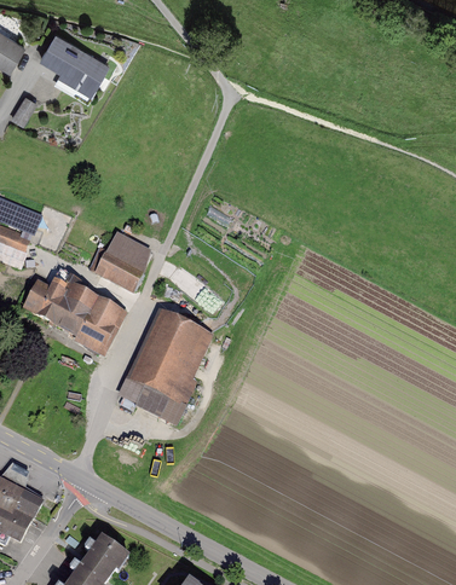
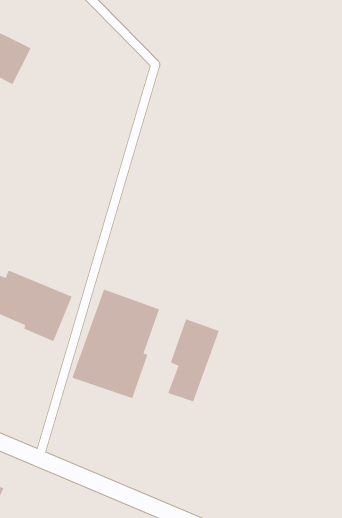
building: [96,231,155,291] -> none
building: none -> [168,318,219,402]

